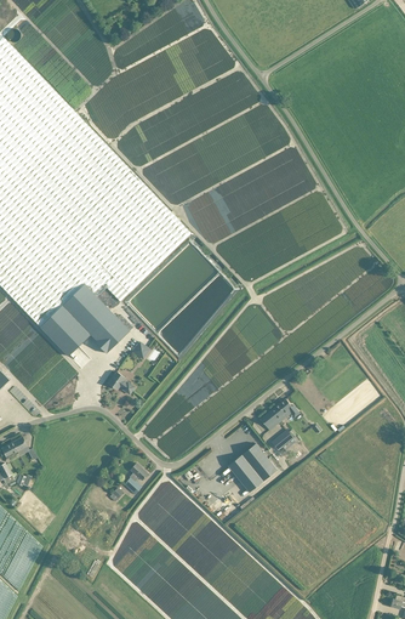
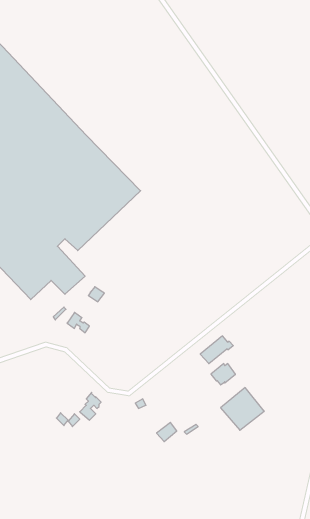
building: [226,442,275,490] -> [221,388,264,430]

